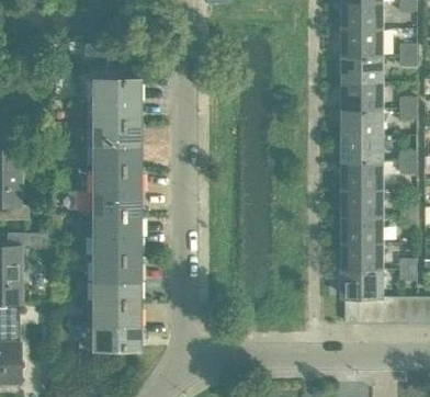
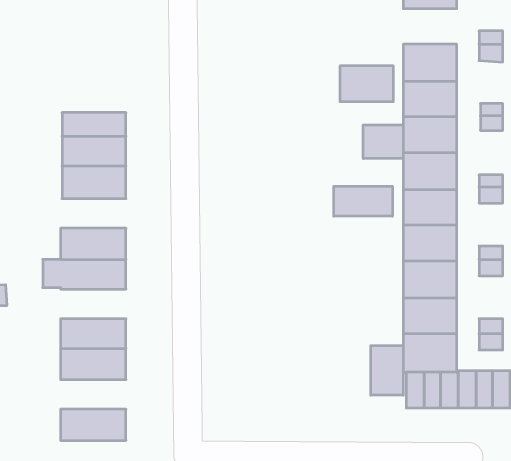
building: [343,27,383,54] -> [340,66,393,102]
building: [91,77,138,104] -> none
building: none -> [363,125,403,159]
building: none -> [334,186,392,216]
building: [90,168,138,190] -> none
building: [90,235,138,257] -> none
building: none -> [371,346,403,395]
building: [90,302,138,324] -> none

